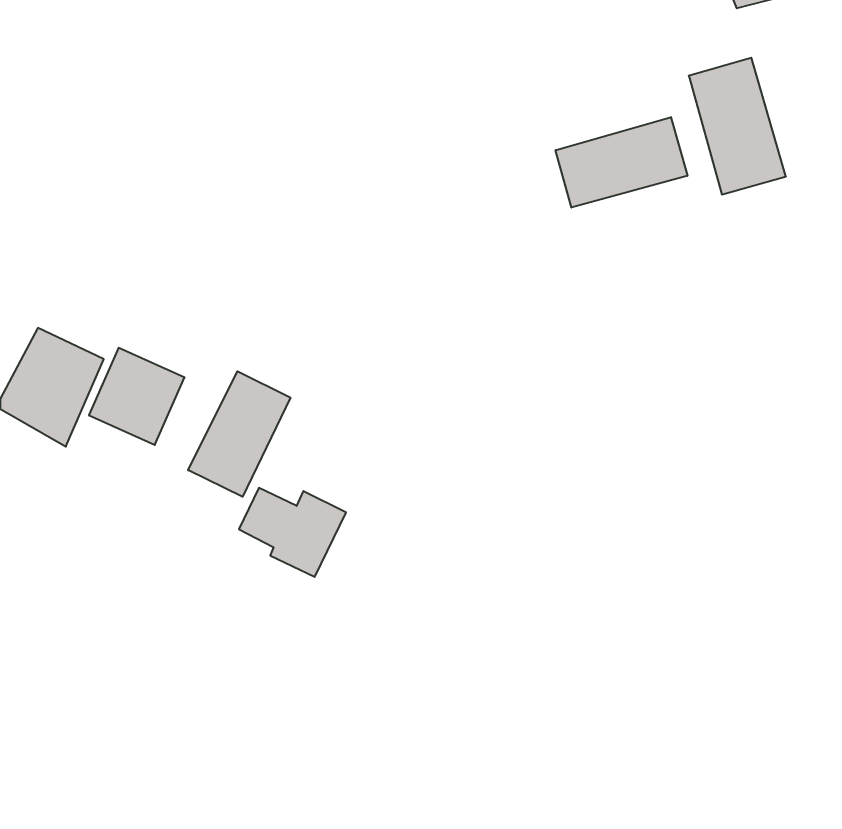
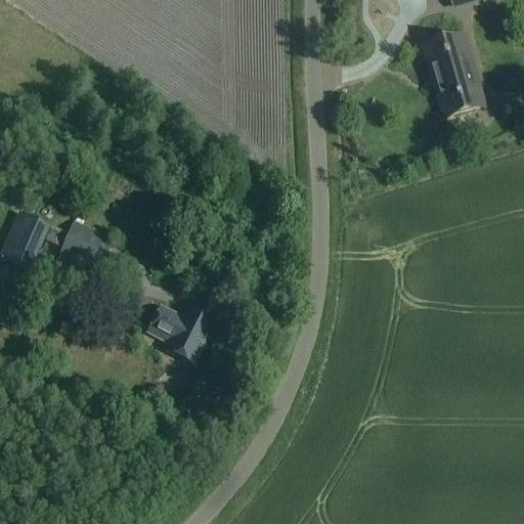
building: [556,117,687,208] -> none
building: [188,371,290,497] -> none

